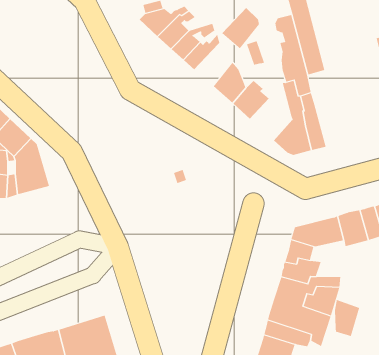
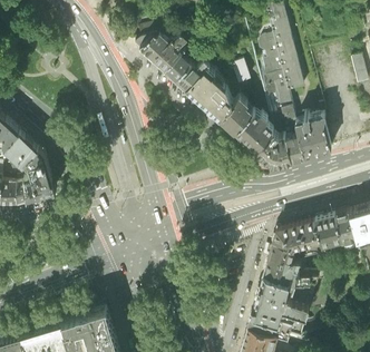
building: [222,7,260,49] -> [186,65,221,102]
building: none -> [236,113,274,151]
building: none -> [295,115,331,157]
building: [334,299,360,337] -> none

